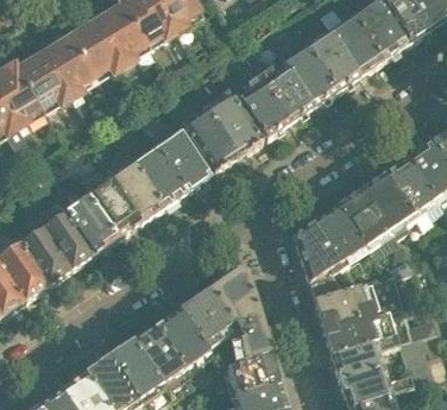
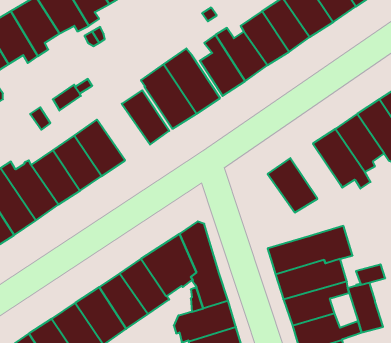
building: [133,146,189,206] -> none
building: [336,188,389,250] -> none
building: [294,220,357,298] -> none

